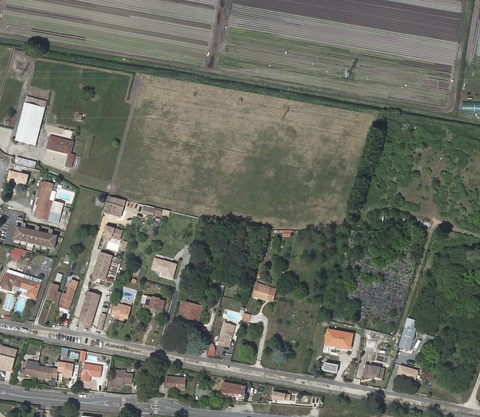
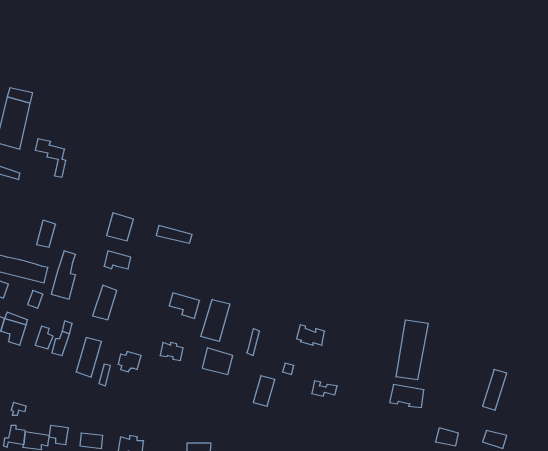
building: [34,181,53,219] -> [51,251,76,299]
building: none -> [201,299,230,341]
building: none -> [396,320,428,380]

